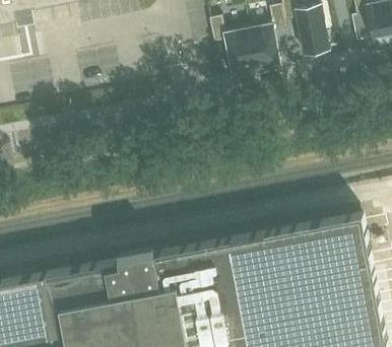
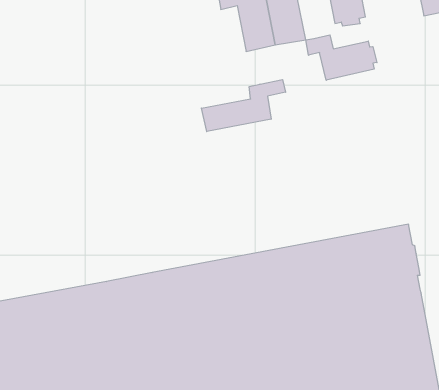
building: none -> [306,35,377,80]
building: none -> [201,80,286,132]

